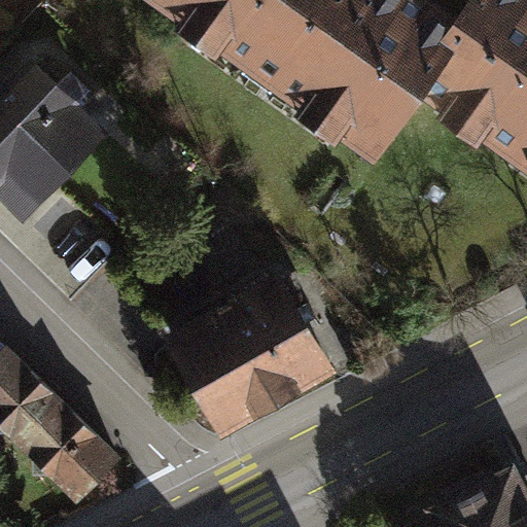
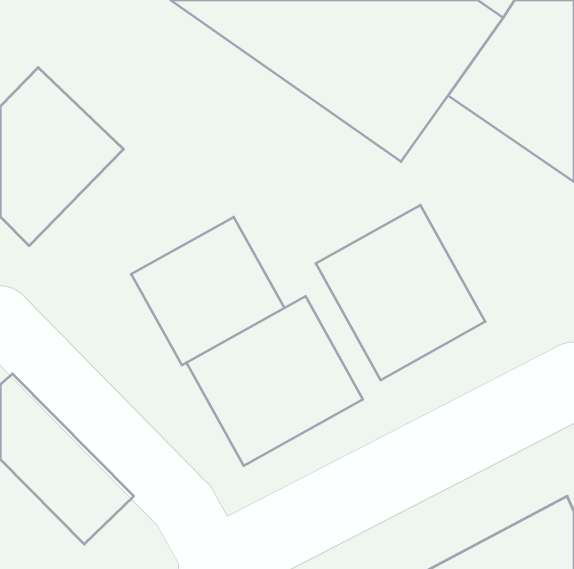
building: none -> [316,205,485,380]
building: none -> [131,217,284,365]

